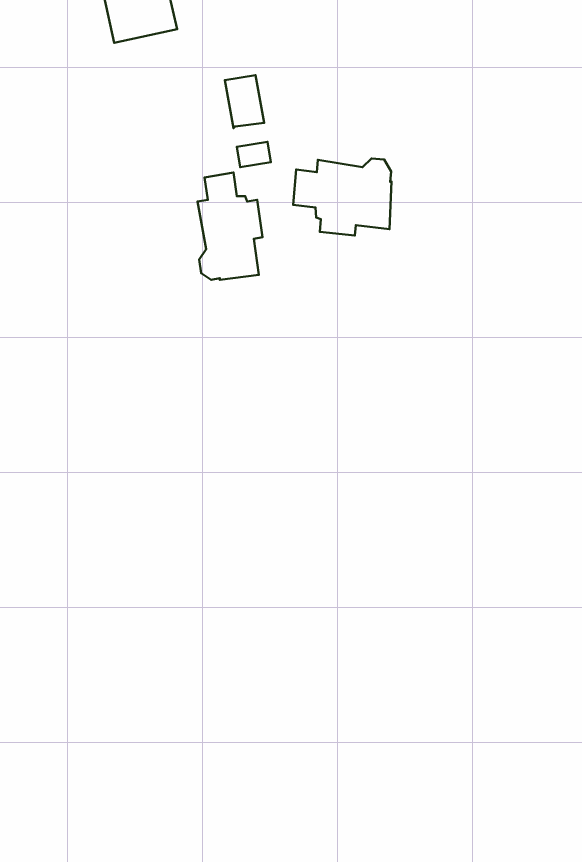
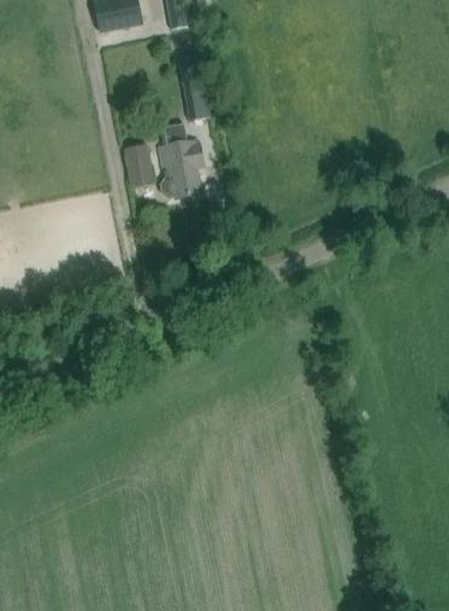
building: [293,158,392,236] -> none
building: none -> [125,142,153,183]

